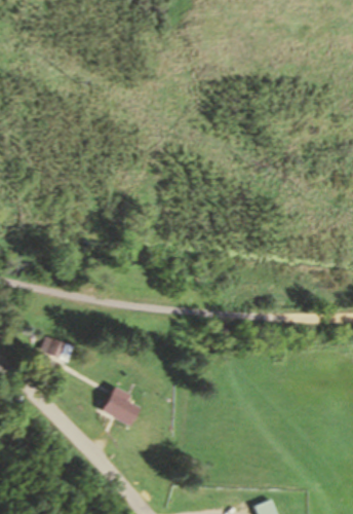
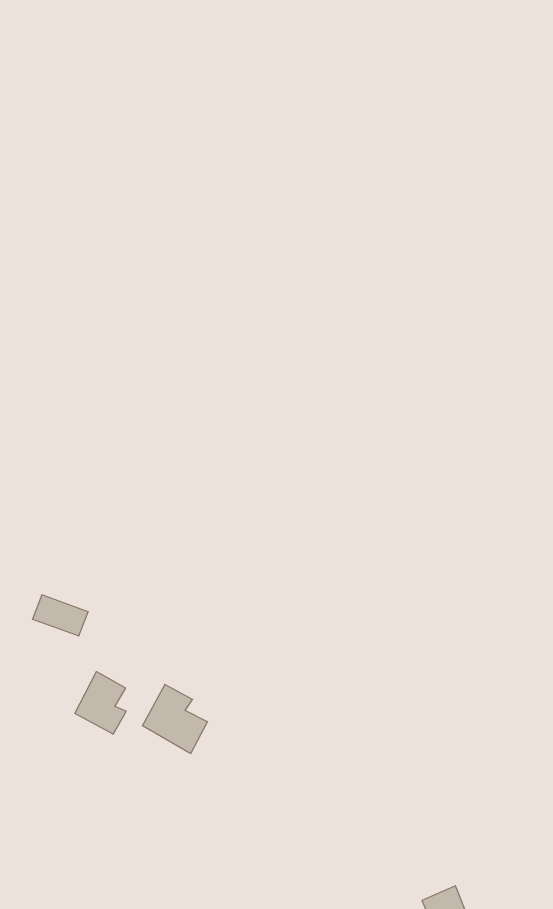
building: none -> [75,672,126,734]

